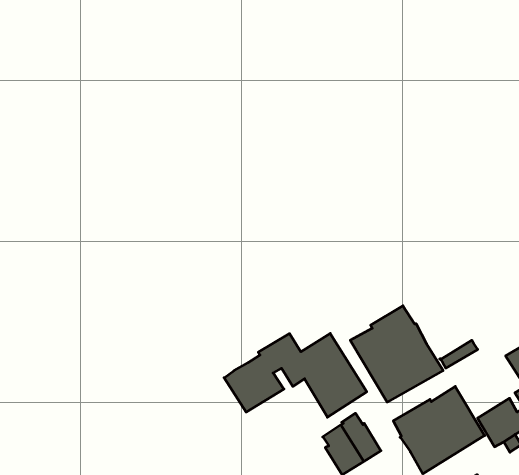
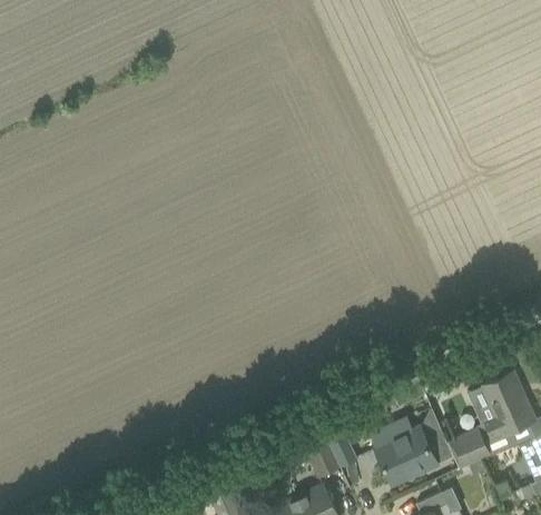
building: [350,306,443,402] -> none
building: [224,333,367,417] -> none

